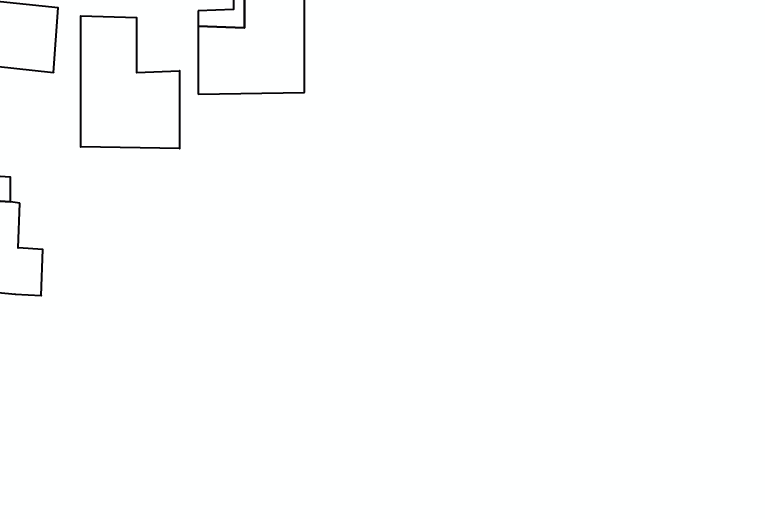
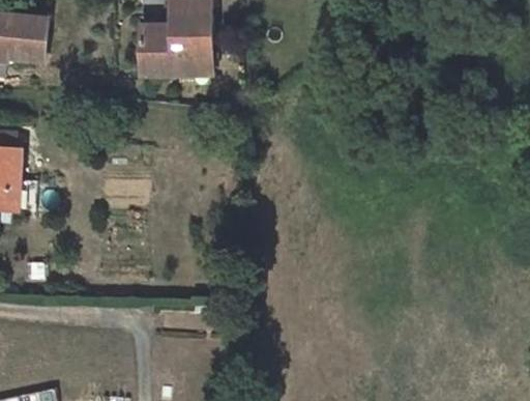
building: [81,16,180,149] -> none

